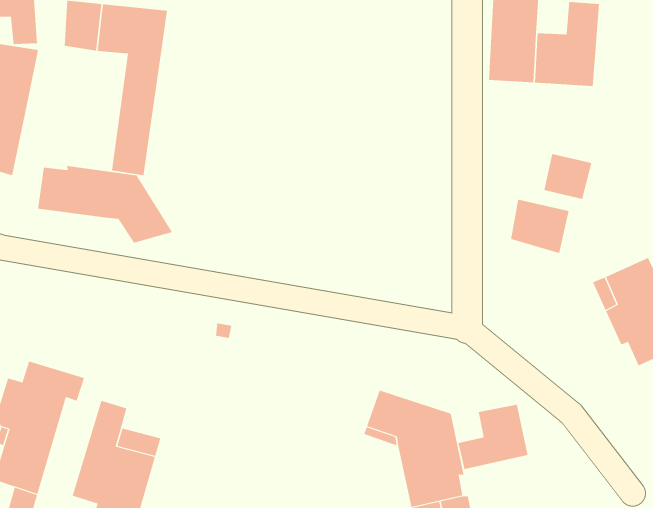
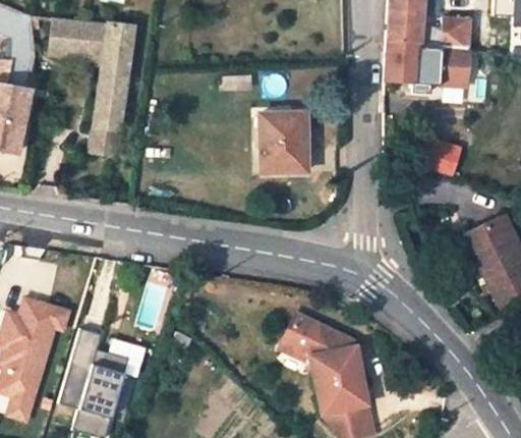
building: none -> [259,113,308,171]
building: [37,165,173,244] -> none
building: [511,199,569,254] -> none
building: [458,404,528,470] -> none

